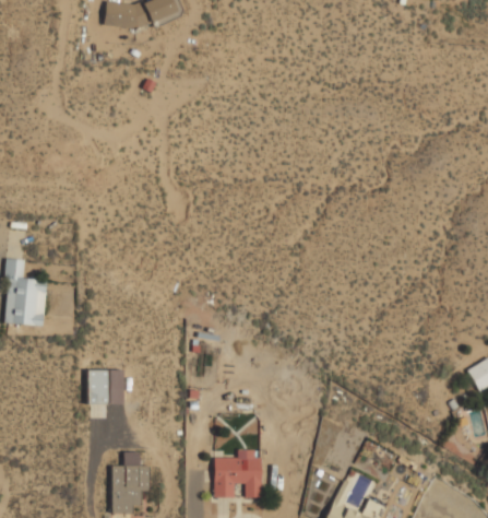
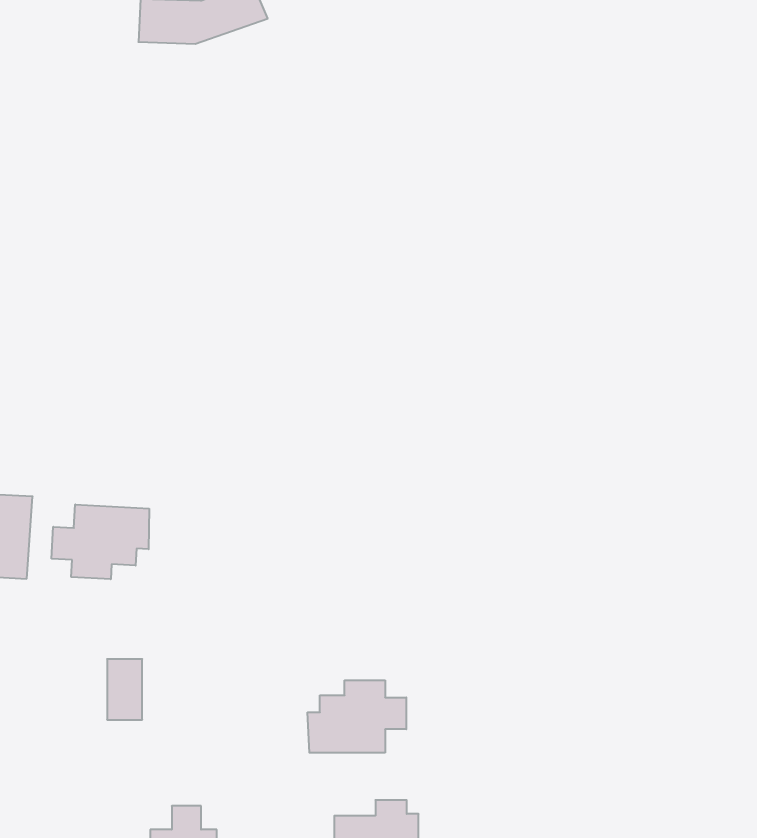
building: none -> [52,504,149,579]
building: none -> [308,680,406,753]

